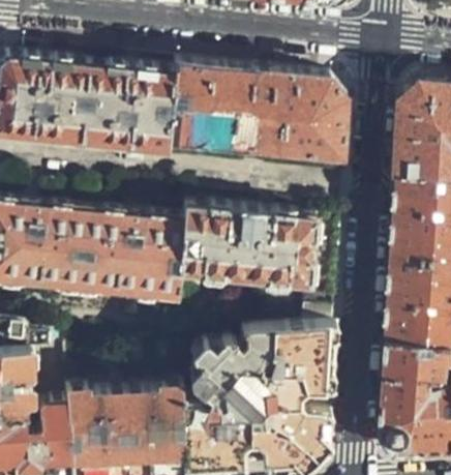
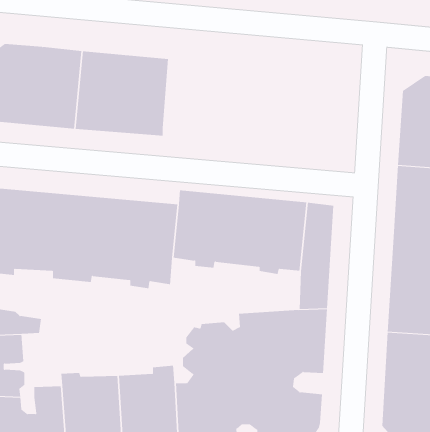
building: [167,63,345,158] -> none

